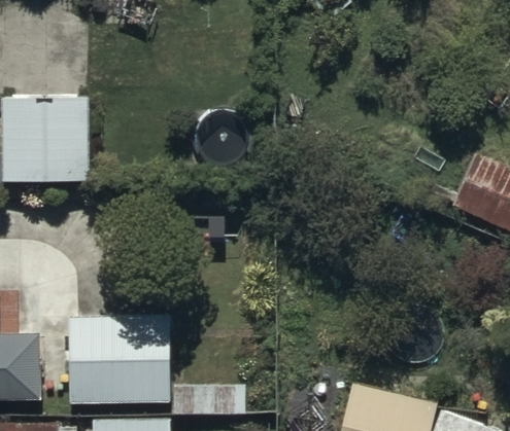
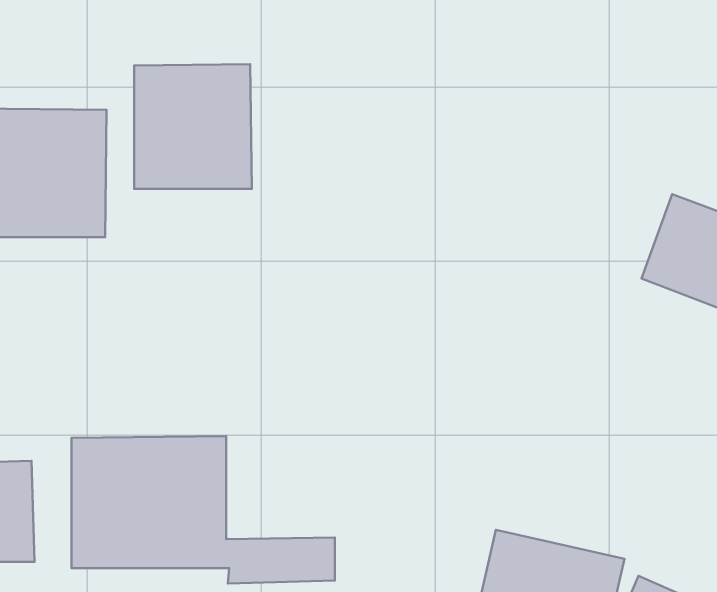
building: none -> [134,64,252,189]

